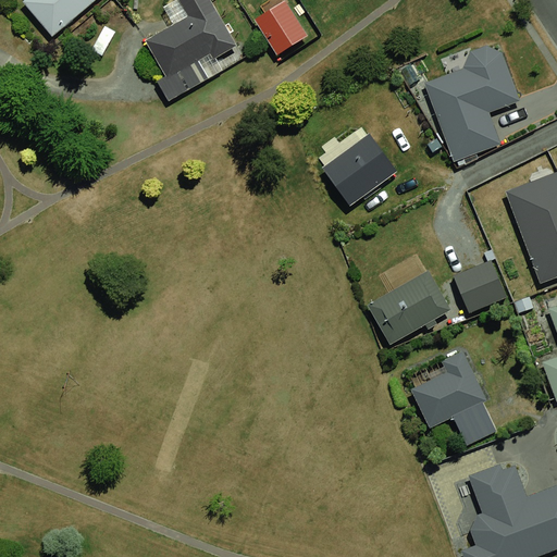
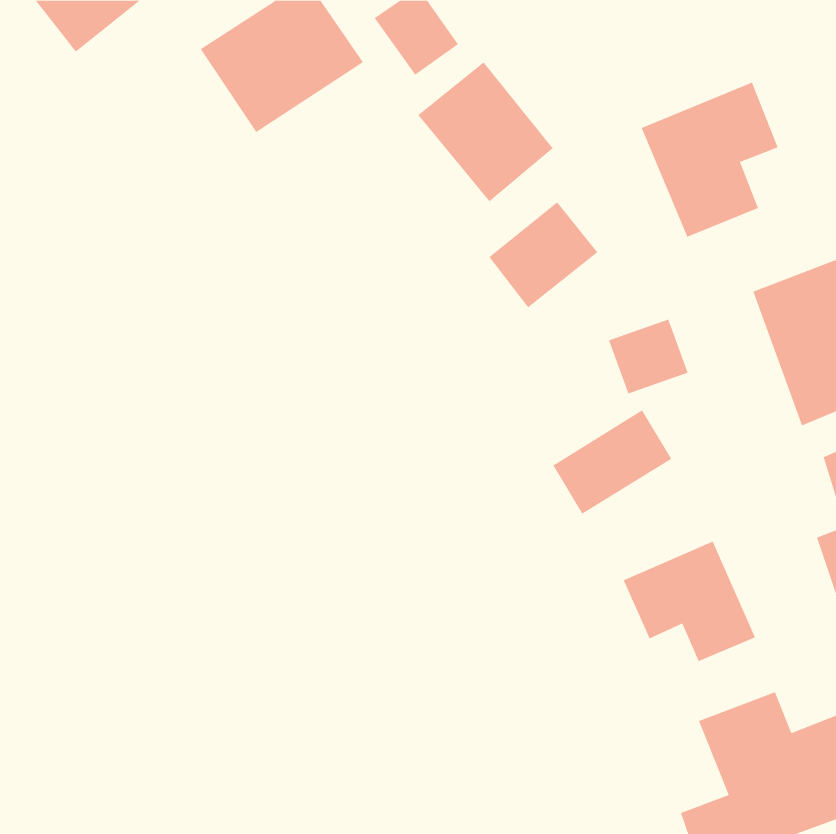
building: none -> [417,61,553,202]
building: [451,260,505,310] -> [608,319,688,394]

